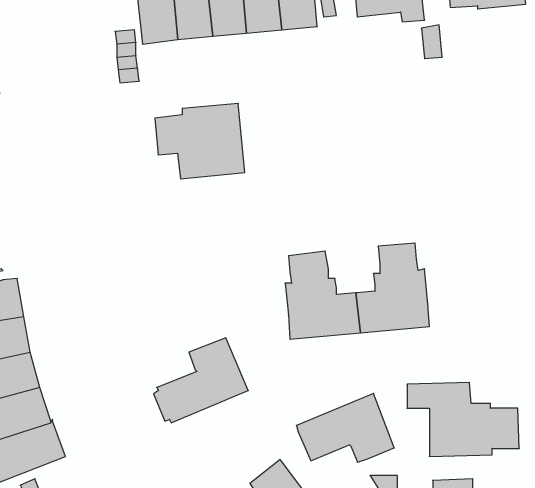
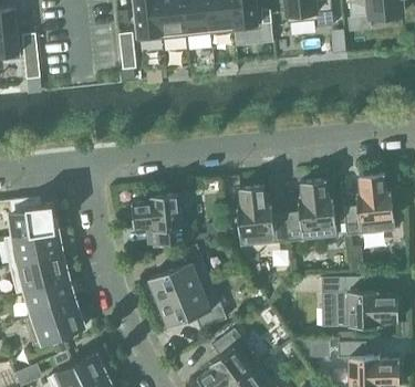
building: [155,104,245,179] -> [131,194,193,245]
building: none -> [343,174,393,236]
building: [296,393,394,462] -> [157,282,225,330]

